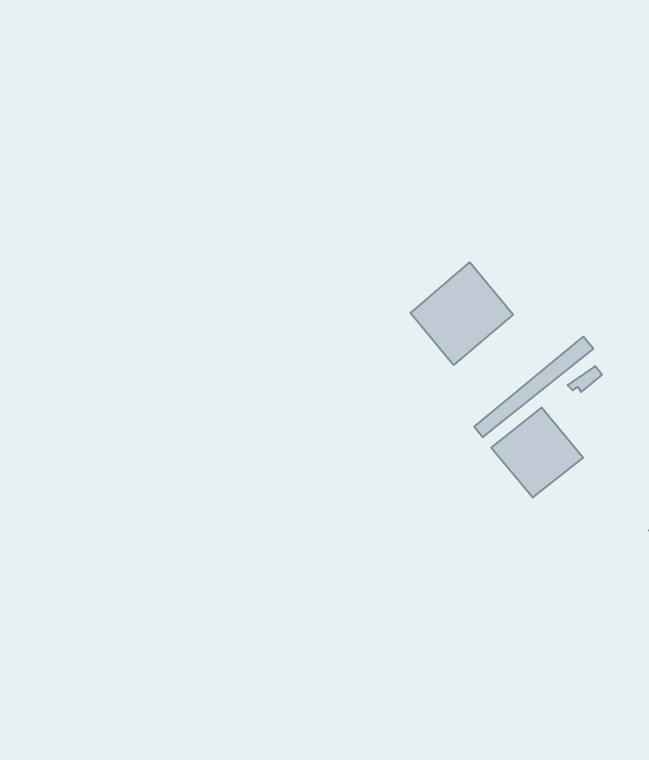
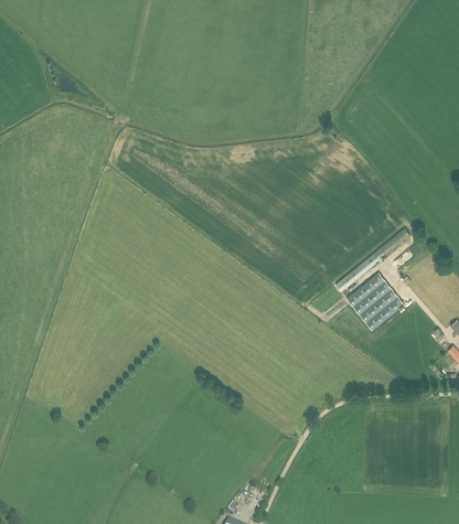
building: [411,262,513,365] -> none

